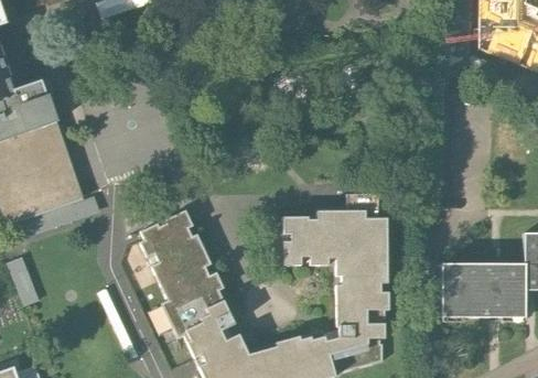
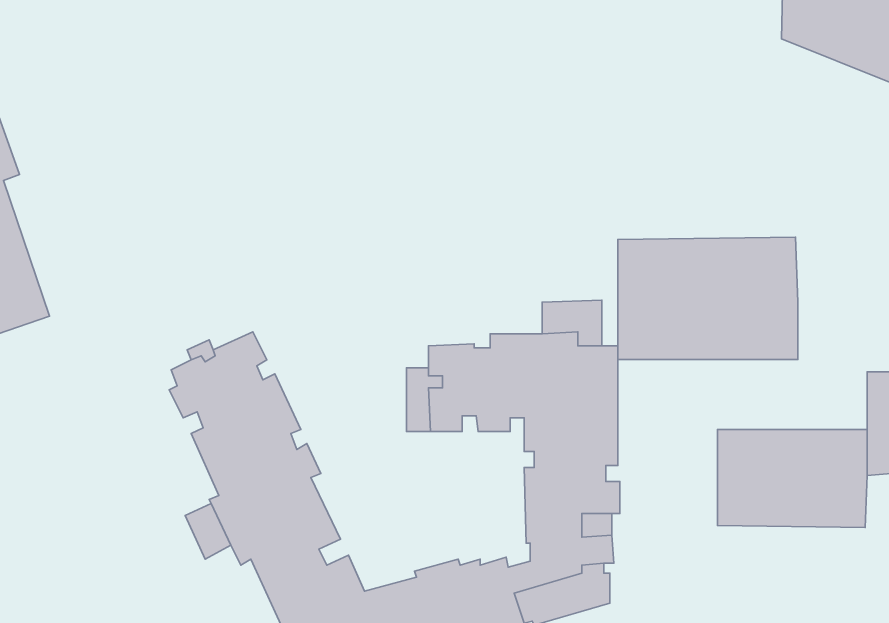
building: none -> [618,237,798,359]

